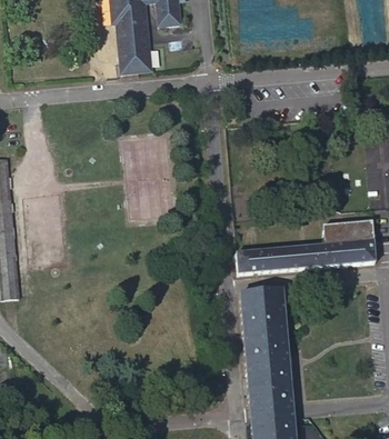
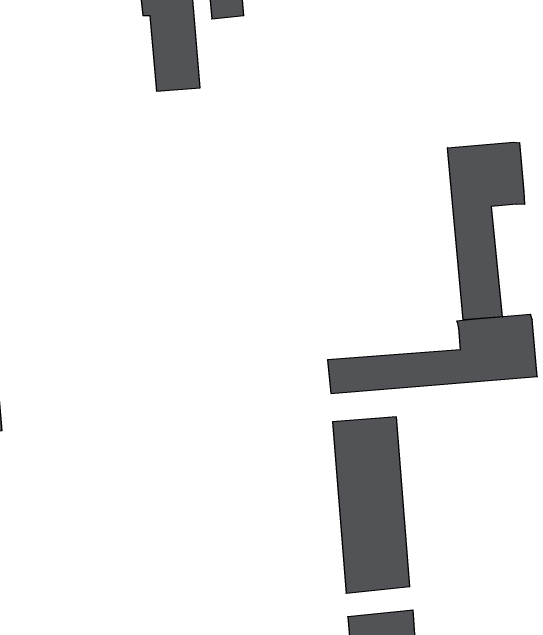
building: none -> [448,142,524,320]
building: [249,400,293,420] -> none

